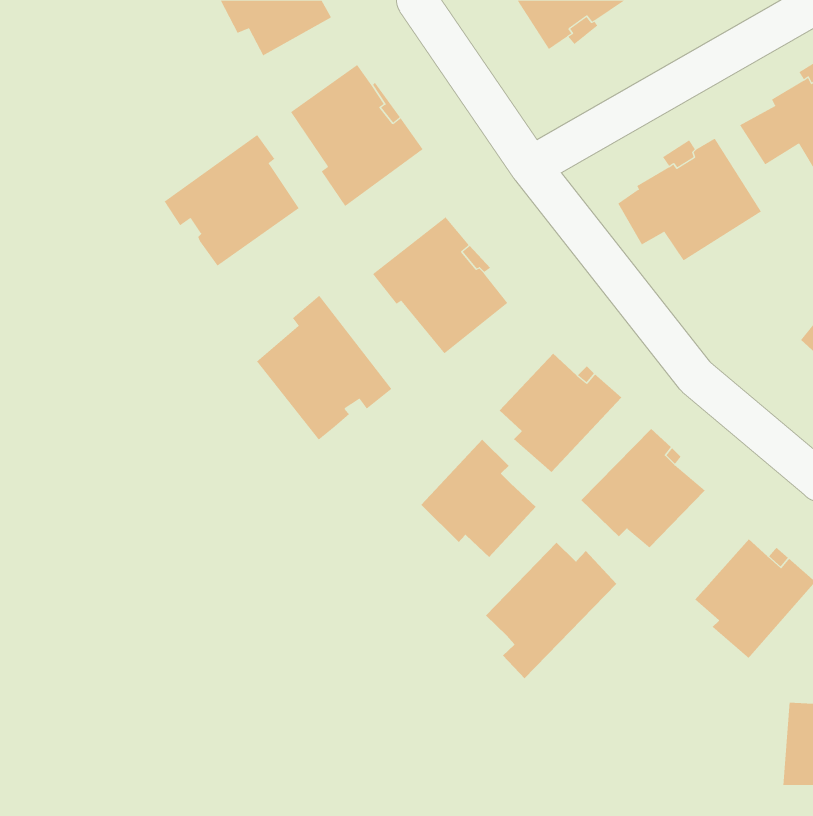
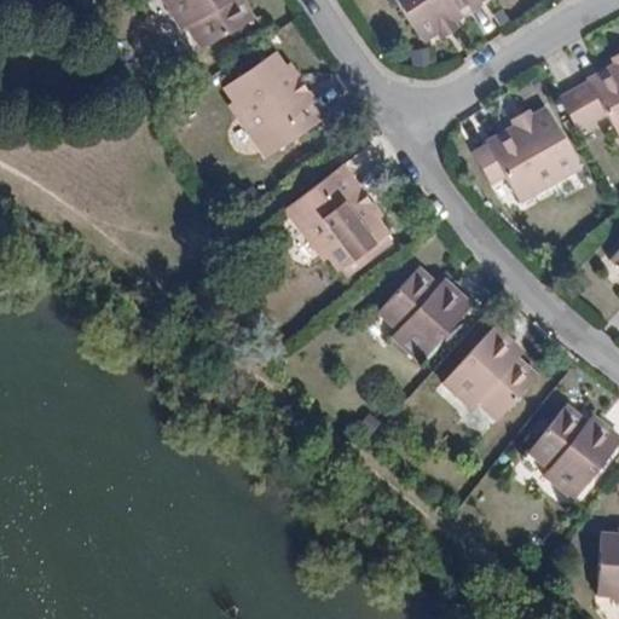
building: [164,134,300,267] -> none
building: [256,295,392,440] -> none
building: [420,439,536,558] -> none
building: [485,542,617,679] -> none

